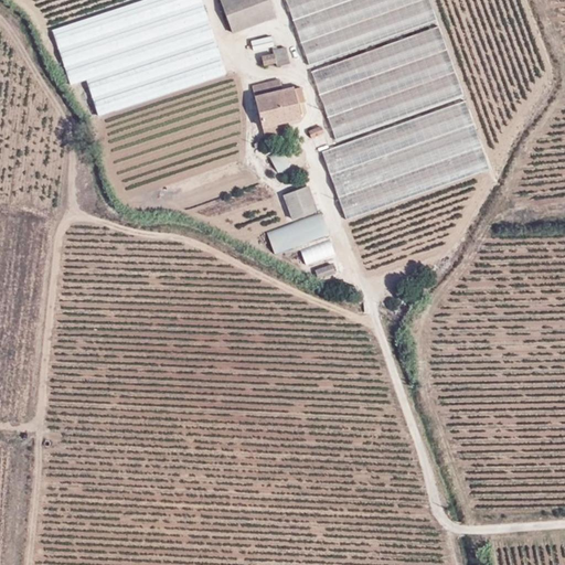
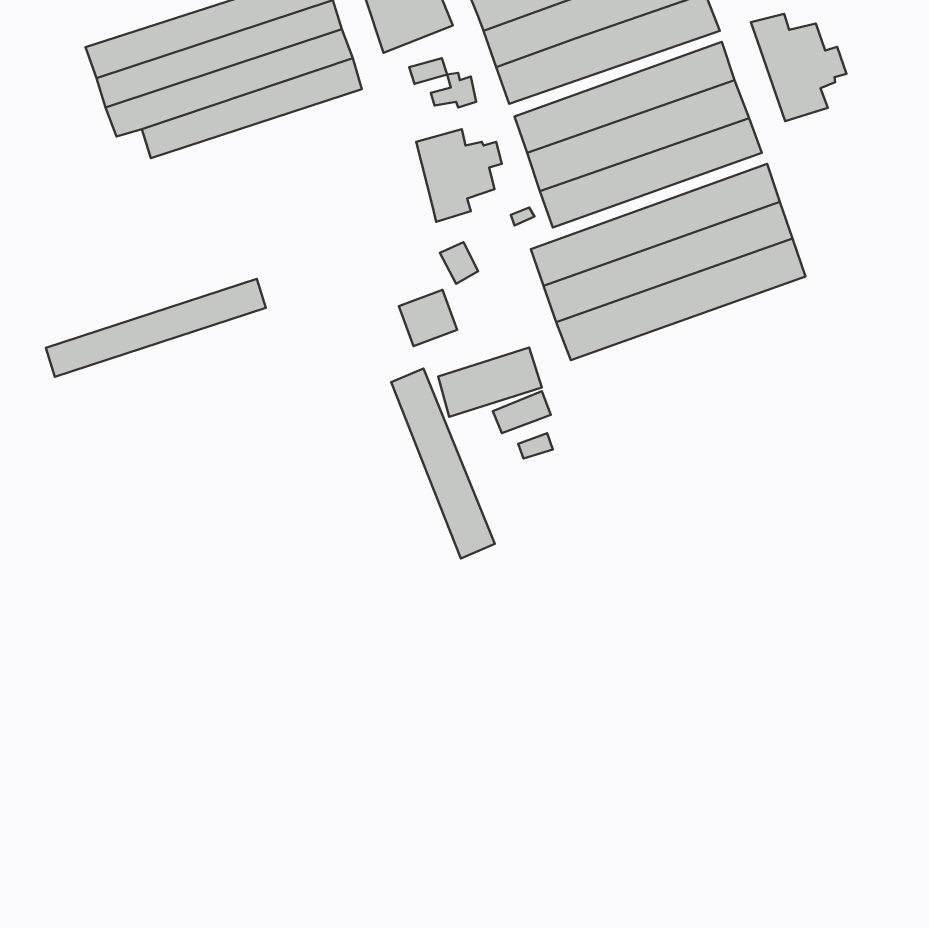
building: none -> [751,14,846,121]
building: [92,54,225,114] -> [46,279,266,377]
building: [282,184,318,218] -> [399,290,457,346]
building: none -> [391,369,495,559]

